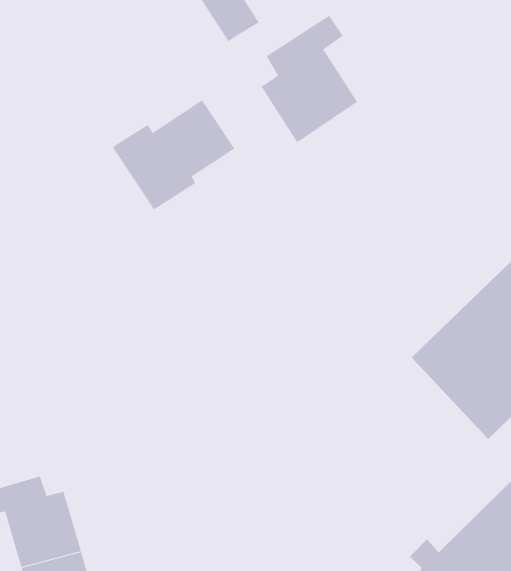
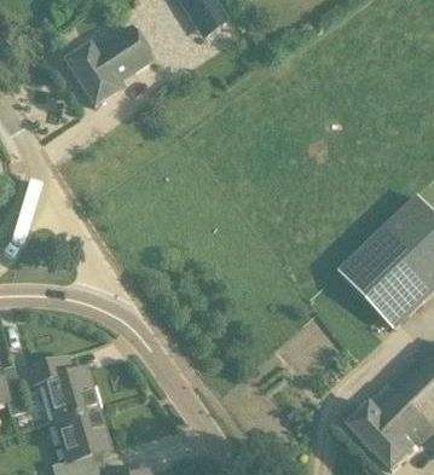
building: [260,15,358,143] -> none
building: [112,99,235,211] -> [63,25,154,108]

